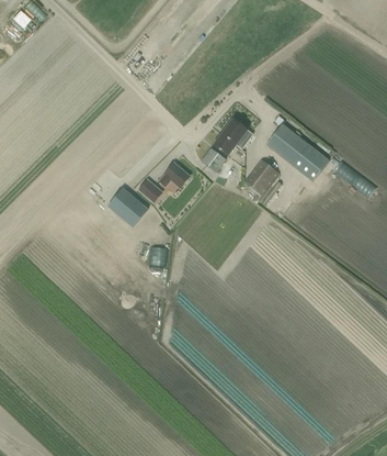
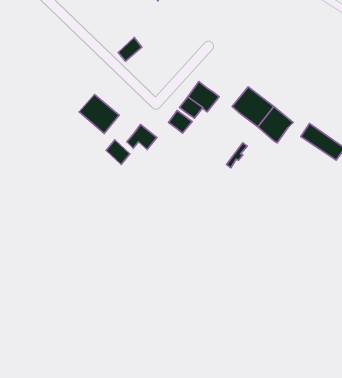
building: [244,159,278,194] -> none
building: [106,189,147,229] -> [79,95,119,133]

